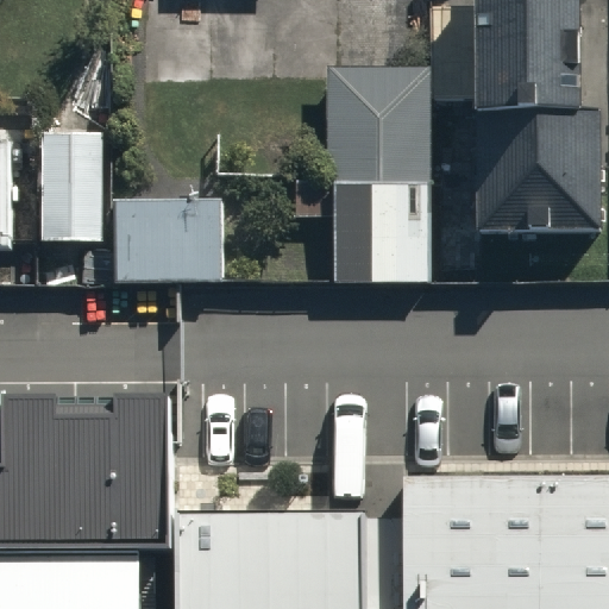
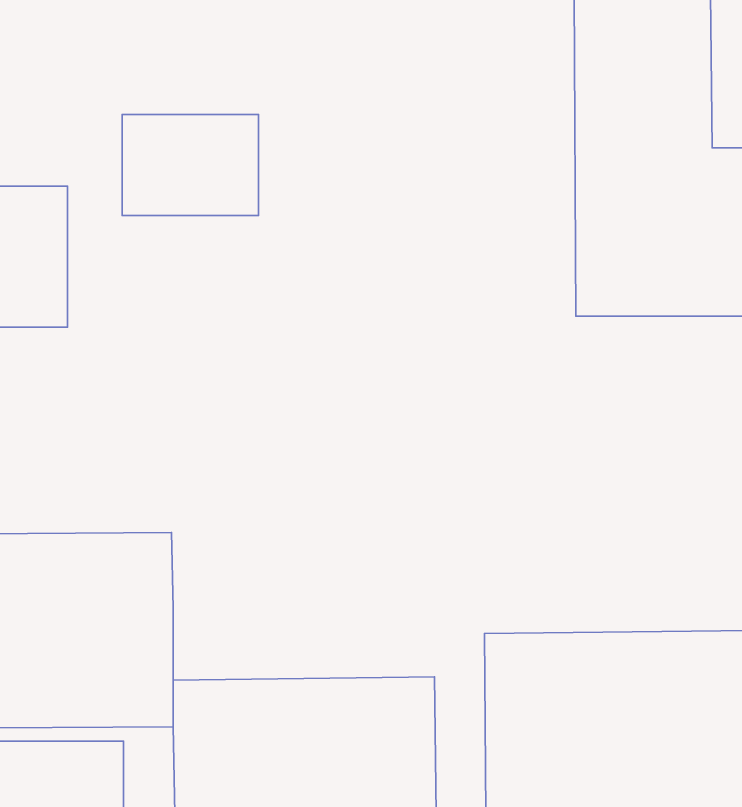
building: [327,76,426,289] -> none
building: [123,208,224,283] -> [122,115,259,216]

